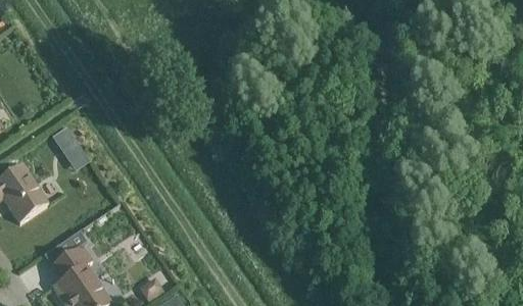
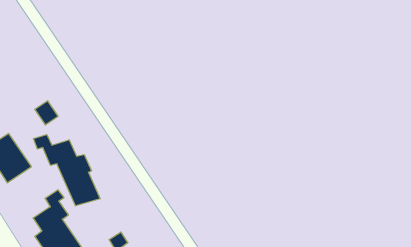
building: none -> [34,135,100,206]

